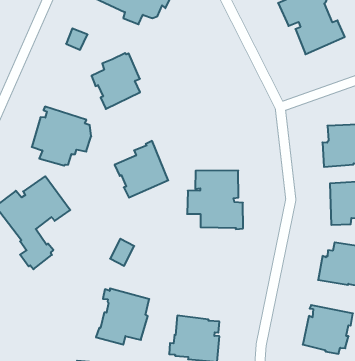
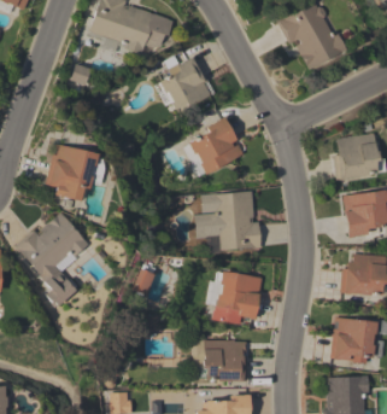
building: [91,53,140,109] -> [160,57,210,113]
building: [115,141,168,198] -> [189,116,244,174]
building: [96,288,149,345] -> [212,270,262,325]

